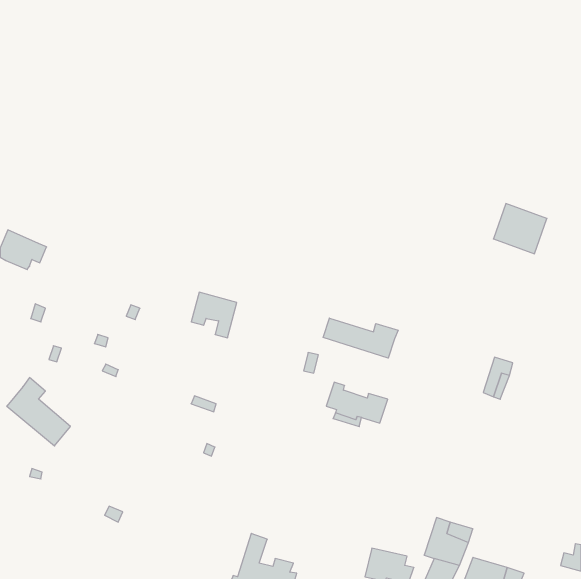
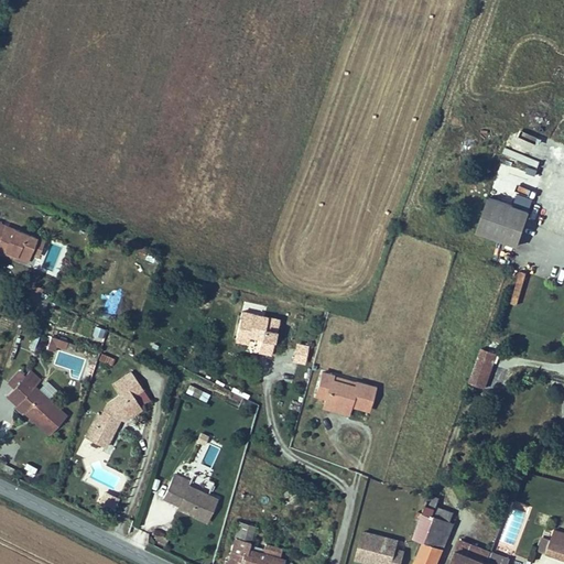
building: [191,292,237,338] -> [235,315,279,359]
building: [323,318,398,358] -> none
building: none -> [85,371,142,446]
building: none -> [165,478,219,525]

